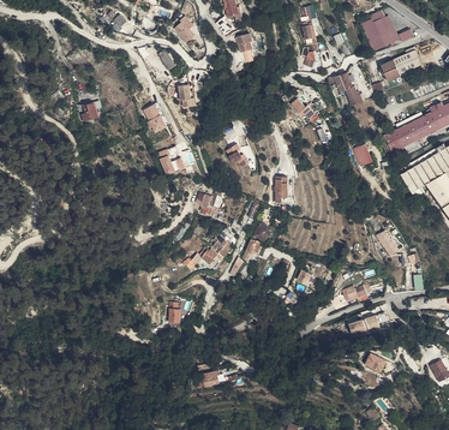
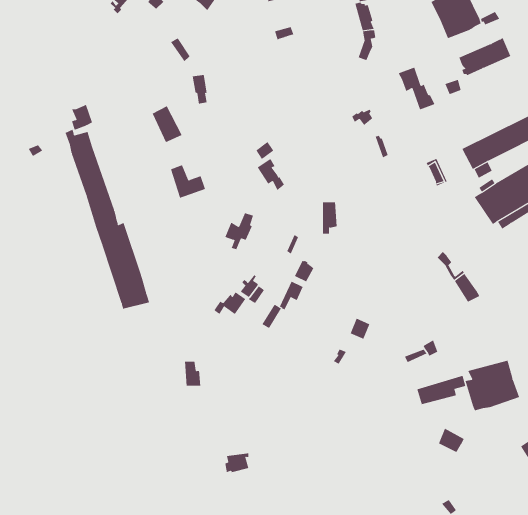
building: none -> [65,129,150,310]
building: none -> [465,360,520,411]

